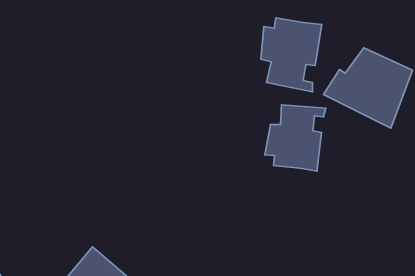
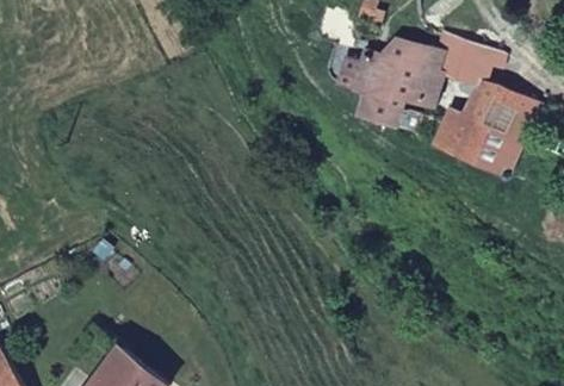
building: none -> [424,35,490,85]
building: [265,105,326,171] -> none

